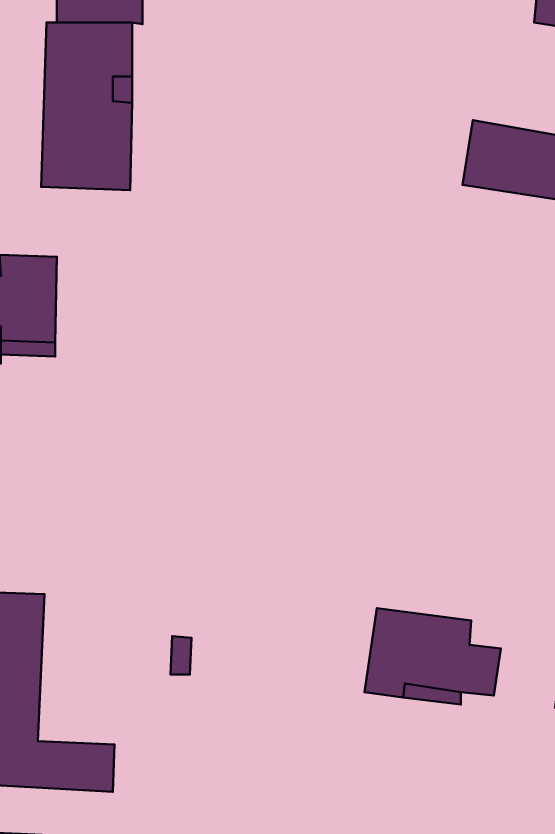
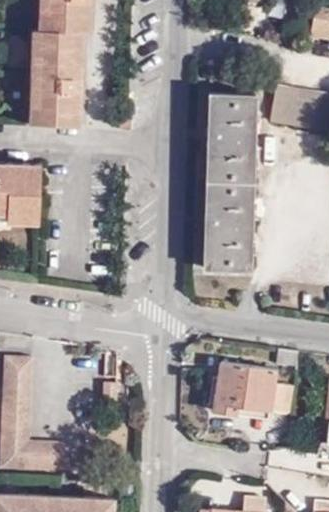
building: none -> [206,94,255,270]

